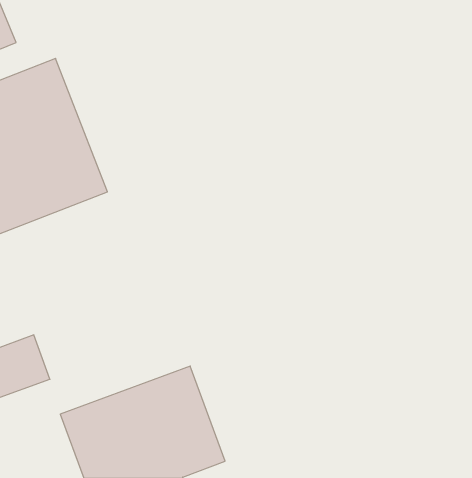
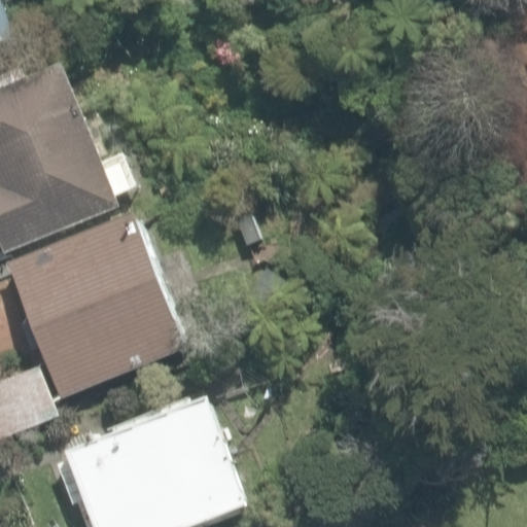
building: none -> [5,214,182,397]

